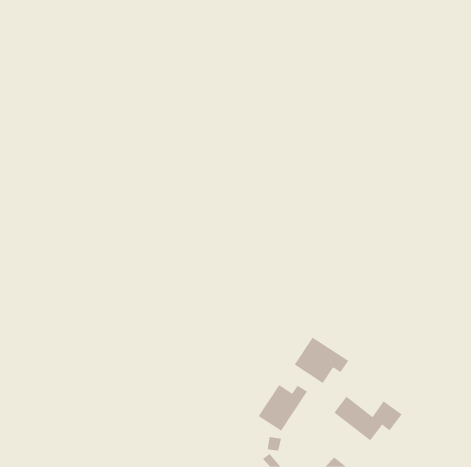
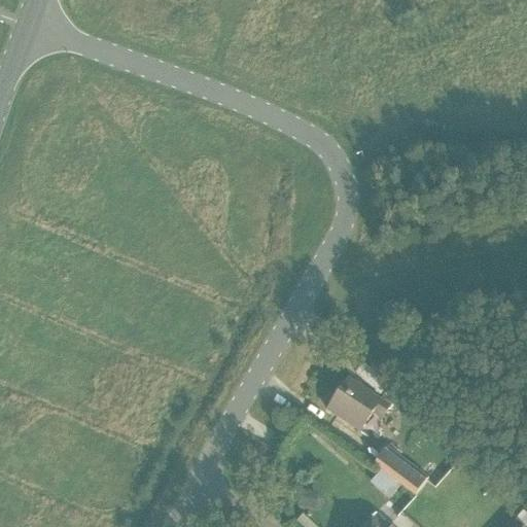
building: [258,384,308,431] -> none

